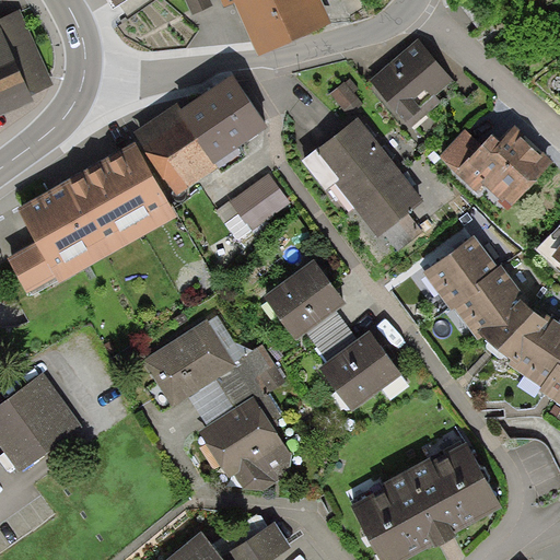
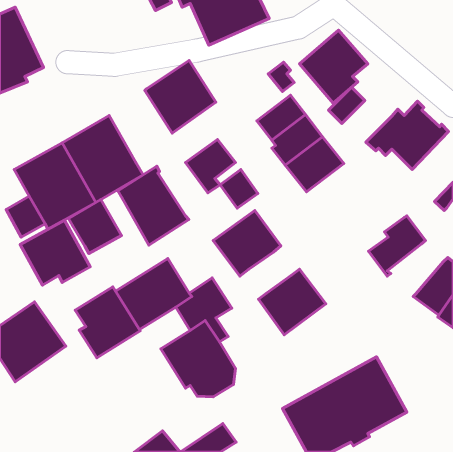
building: [129,103,217,200] -> [118,166,189,245]
building: [438,127,482,172] -> [328,87,365,124]
building: none -> [220,170,258,208]
building: [422,235,498,312] -> none
building: none -> [69,200,121,253]
building: none -> [20,220,90,285]
building: [477,301,546,362] -> none
building: [306,311,359,361] -> none
building: none -> [75,287,140,358]

